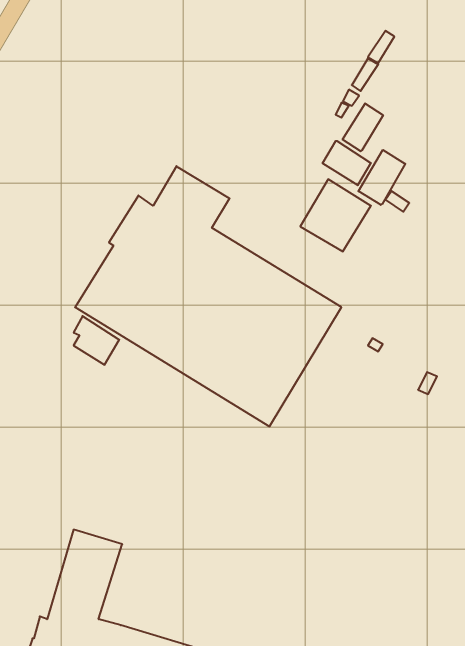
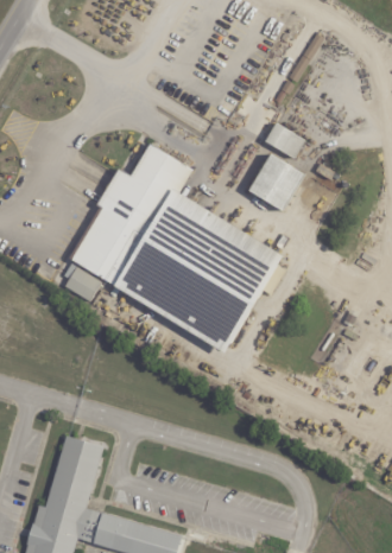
building: [343,103,383,151] -> none
building: [358,150,405,205] -> none

